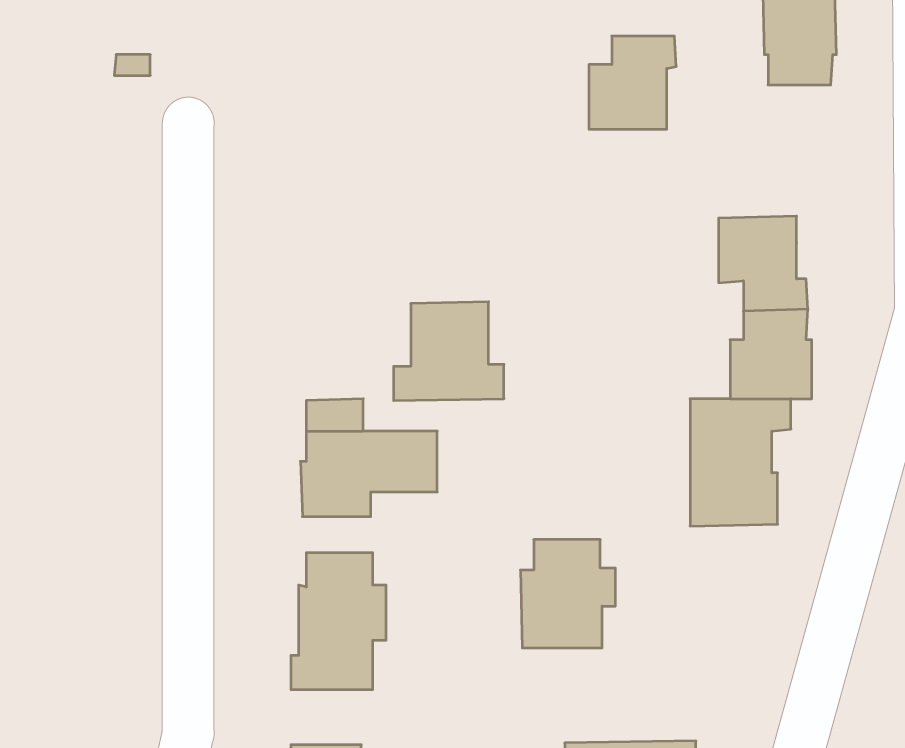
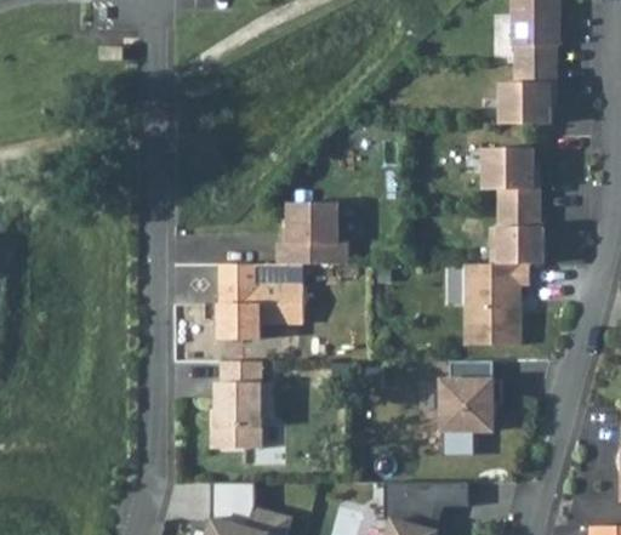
building: [589,36,676,129] -> [500,63,556,123]
building: [520,540,615,648] -> [441,360,502,429]

